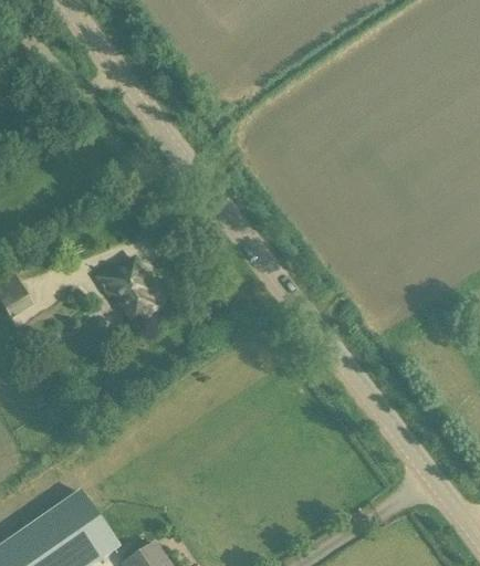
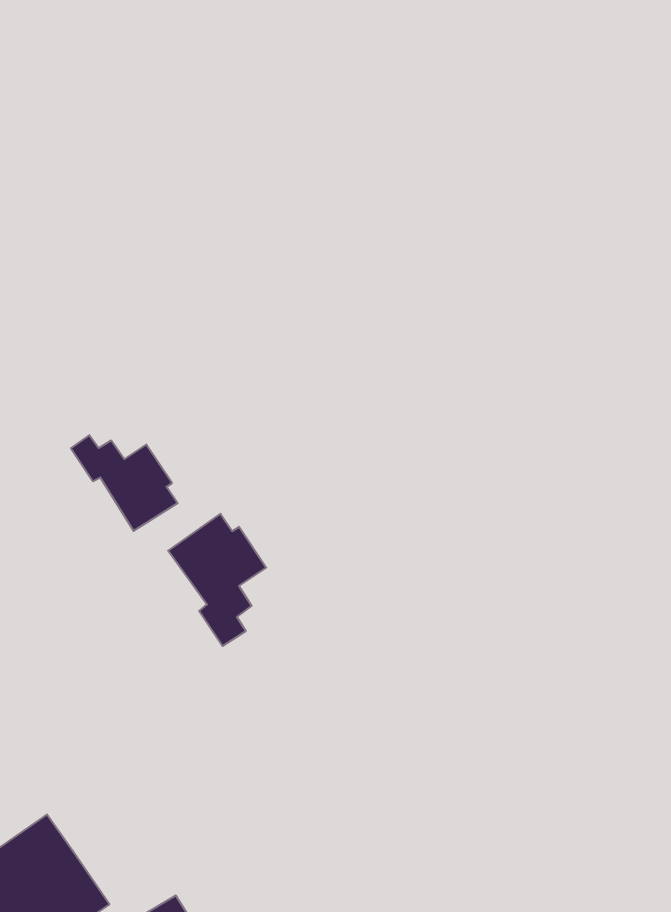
building: none -> [168,514,266,646]

